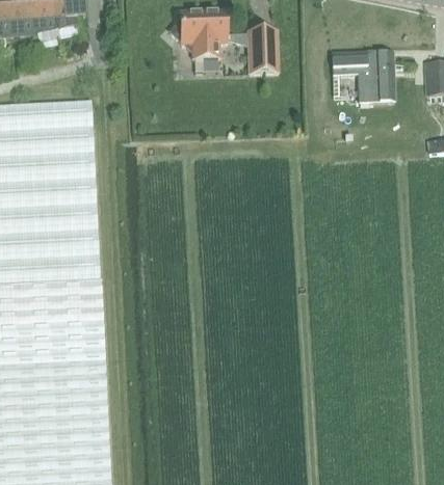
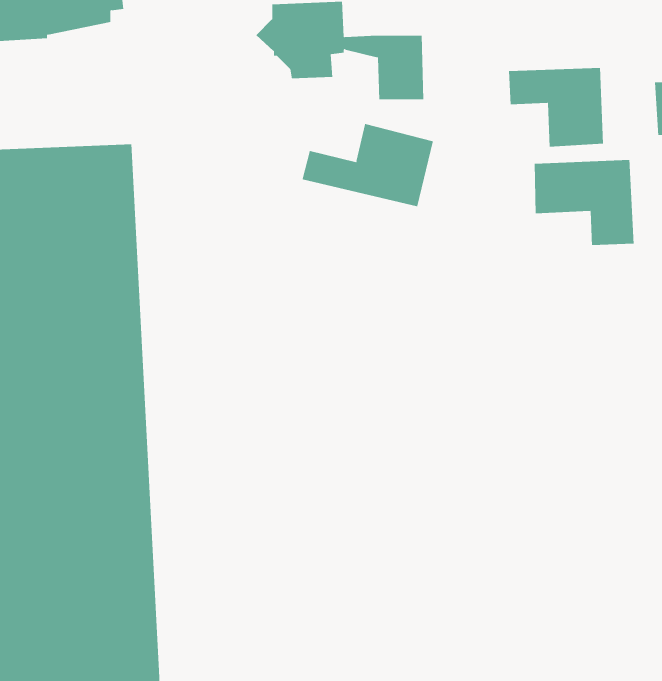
building: none -> [302,123,434,207]
building: none -> [534,159,634,246]

